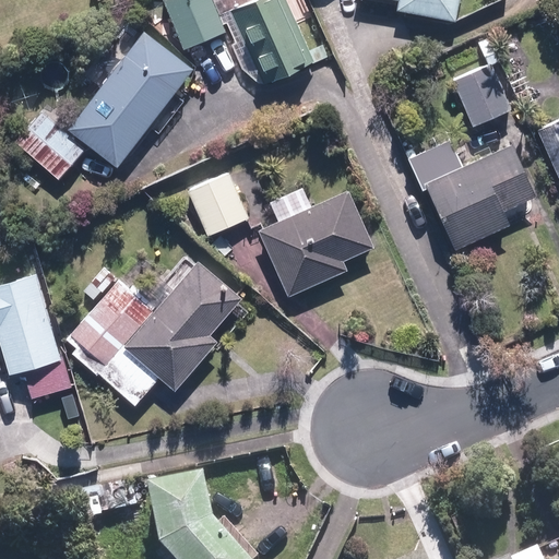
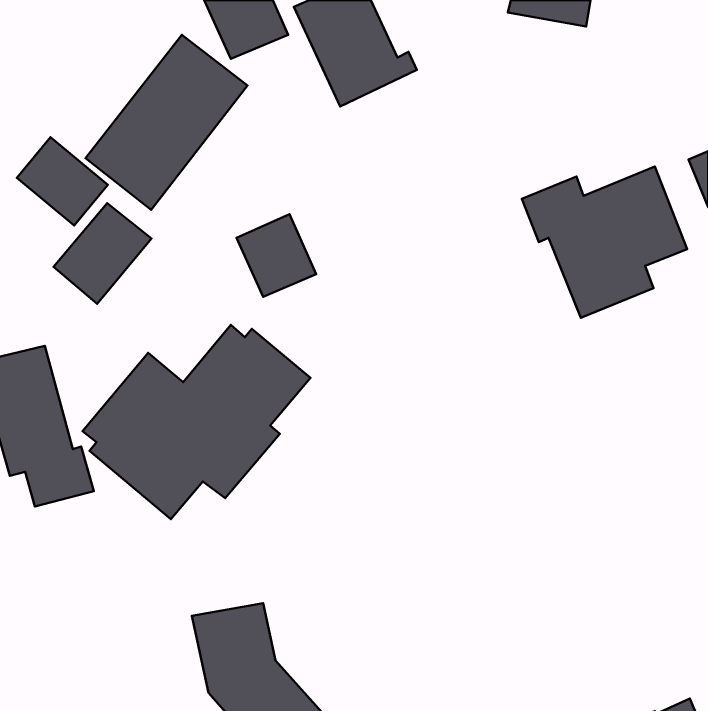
building: [450,63,512,129] -> none
building: none -> [53,203,152,304]
building: [259,187,377,298] -> none

